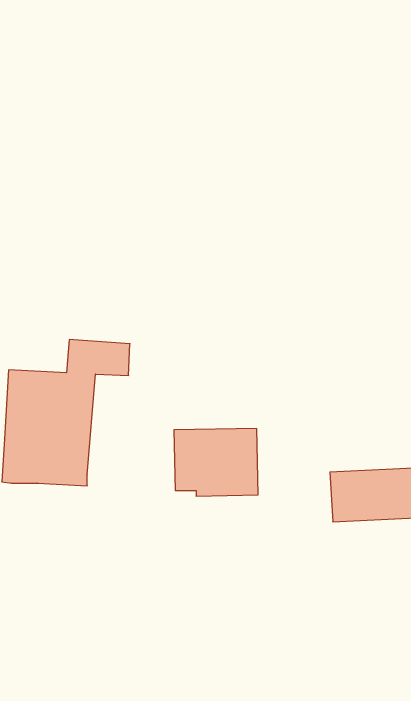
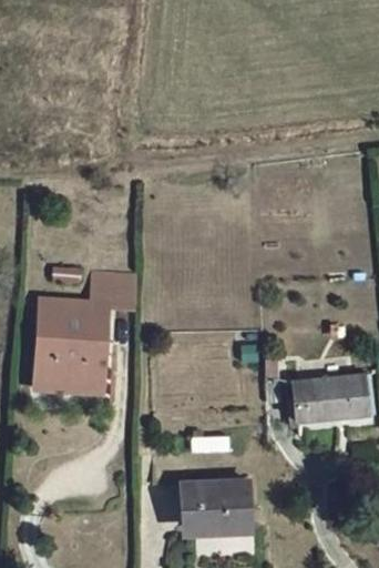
building: [174,429,258,496] -> [180,477,247,531]

